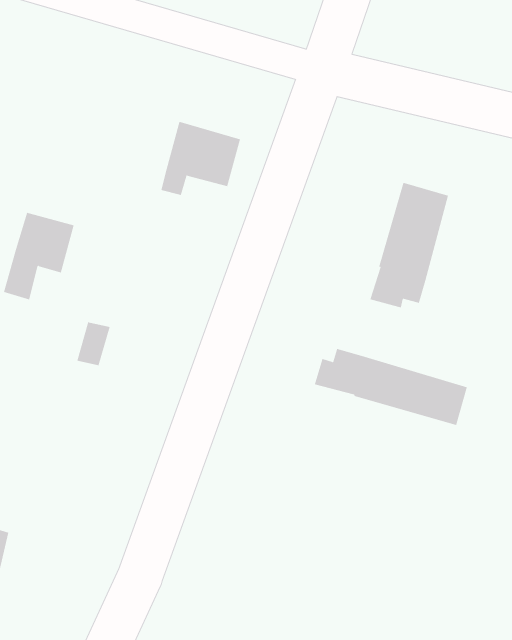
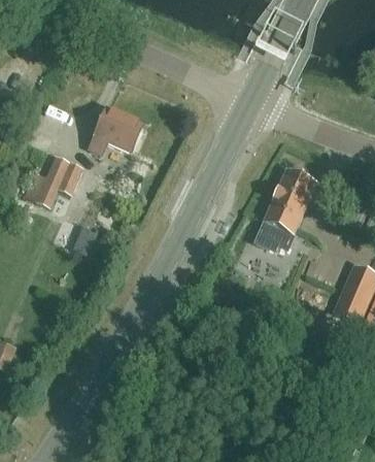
building: [160,121,241,196] -> [89,107,142,153]
building: [314,348,468,426] -> none

